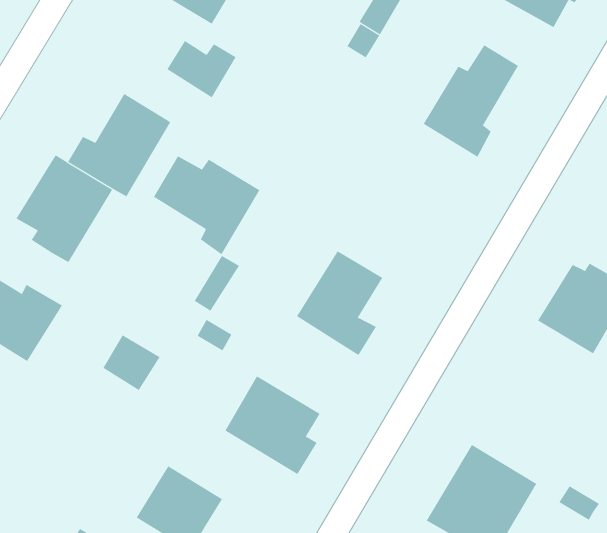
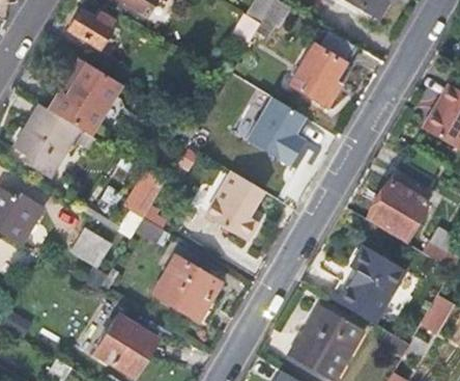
building: [166,40,237,98] -> [66,11,114,51]
building: none -> [247,92,307,164]
building: [153,156,260,255] -> none
building: none -> [339,248,406,323]

